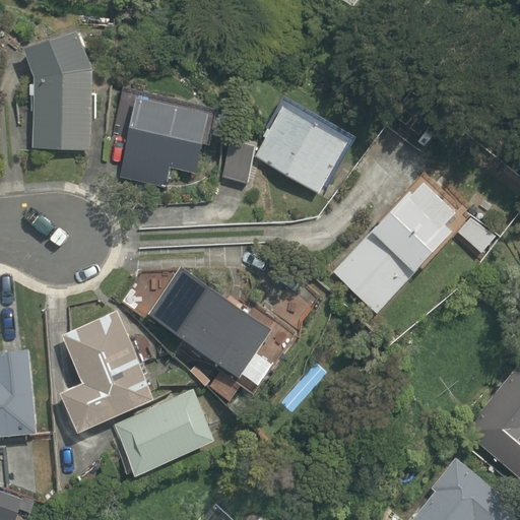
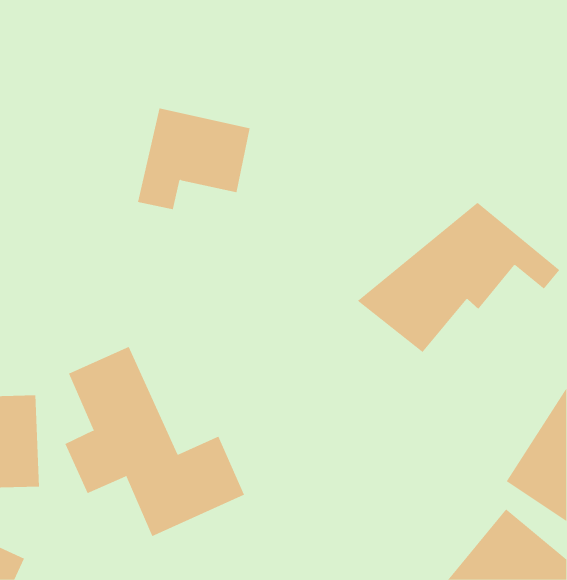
building: [17,29,88,148] -> none
building: [217,94,353,196] -> none
building: [145,262,282,382] -> none

